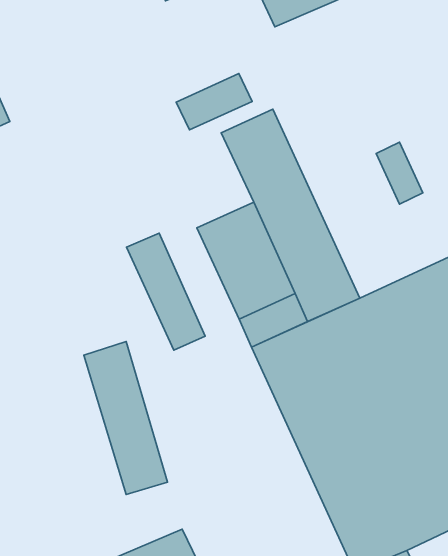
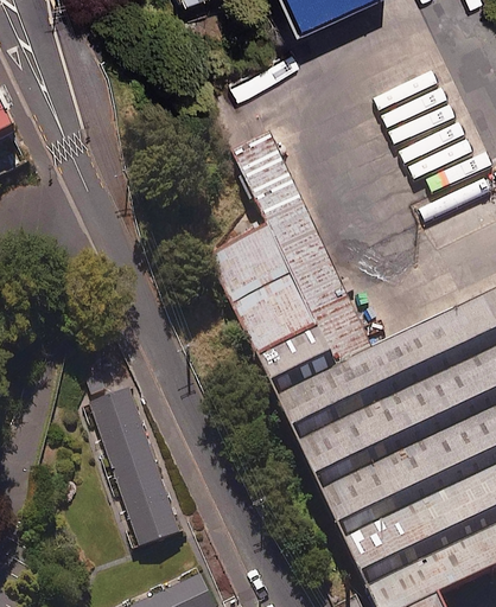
building: [176,74,252,130] -> none
building: [376,142,423,204] -> none
building: [126,233,205,350] -> none

